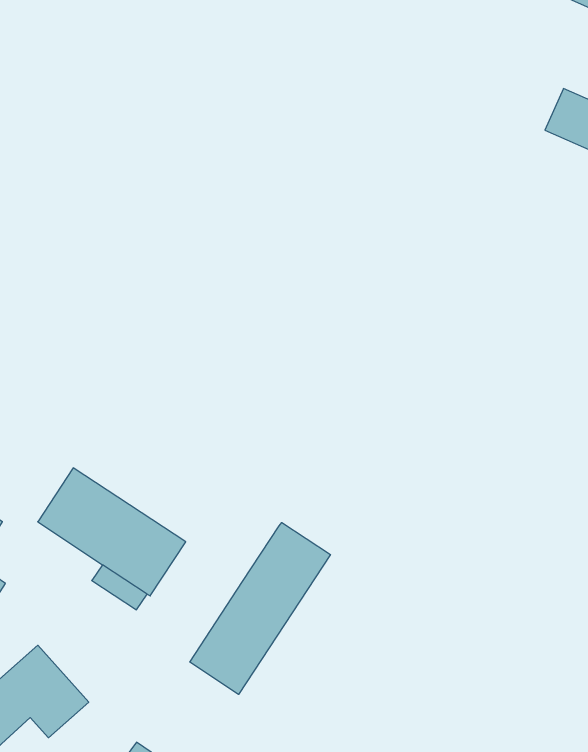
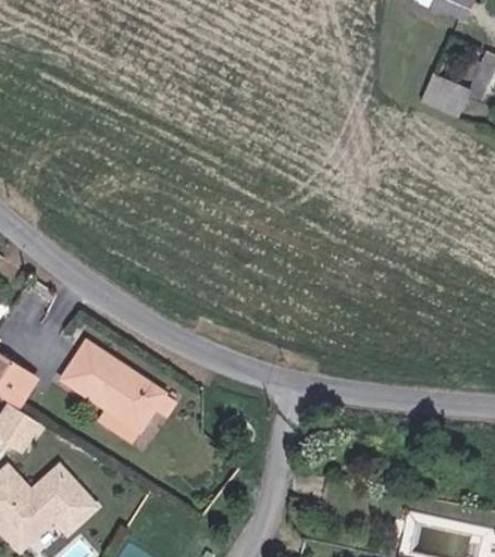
building: [190,523,330,694] -> none

